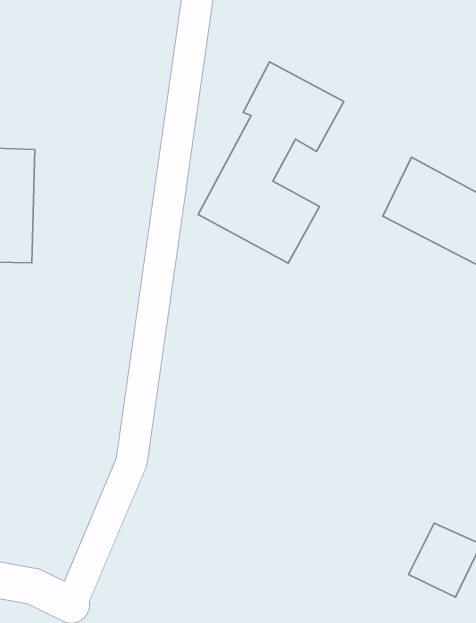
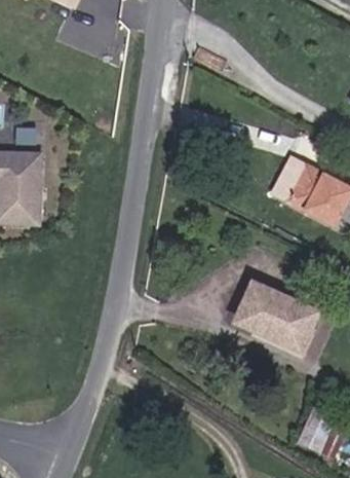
building: [198,62,344,263] -> none
building: none -> [235,279,321,354]

